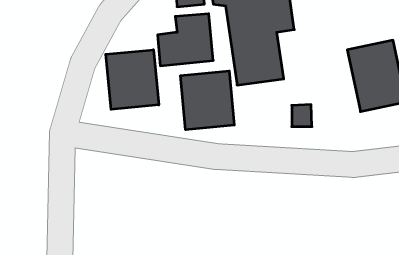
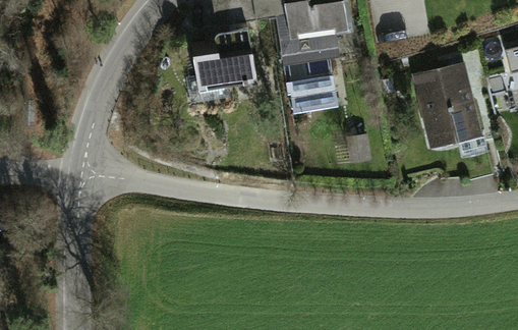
building: [106,50,159,109] -> none
building: [181,71,234,130] -> none

